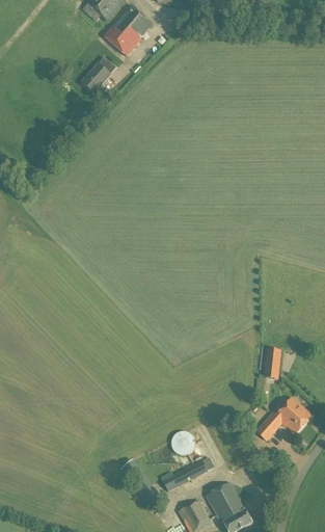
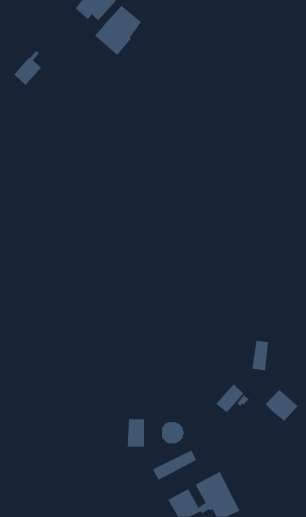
building: [82,57,111,94] -> [13,50,42,86]
building: [255,410,285,441] -> [216,383,244,413]
building: none -> [127,419,144,447]

